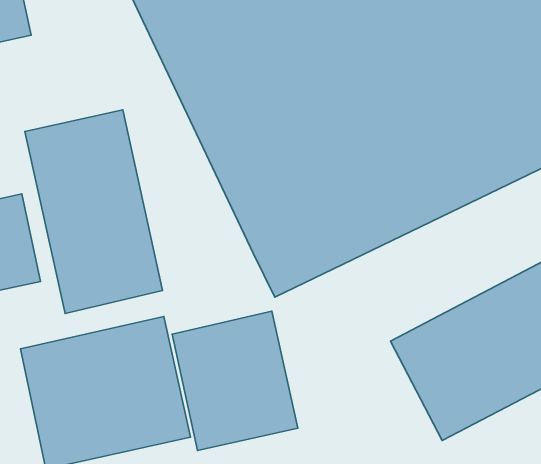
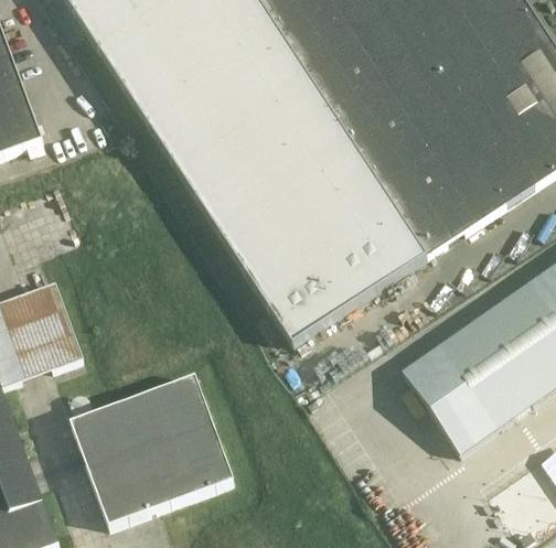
building: [25,110,163,313] -> none
building: [172,311,298,450] -> none

